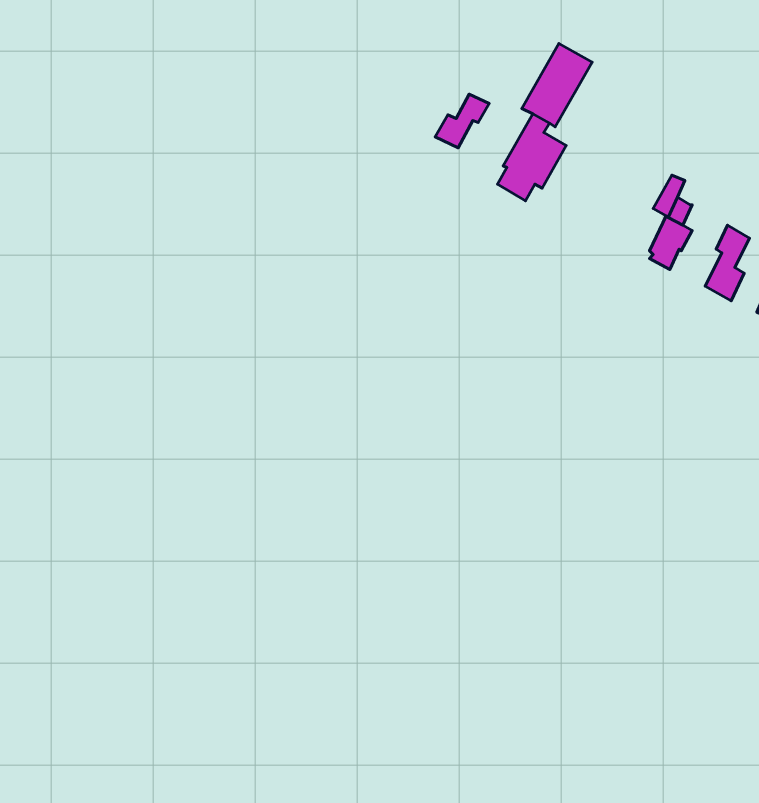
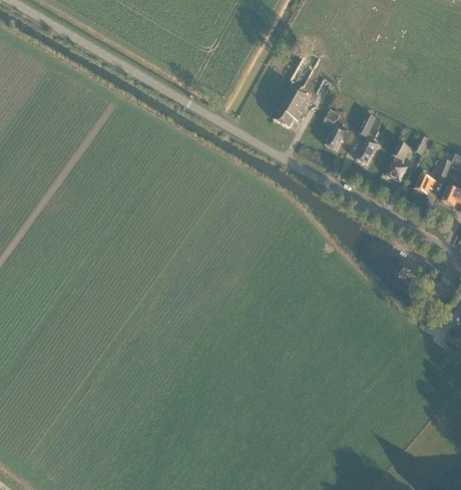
building: [435,94,489,148] -> none
building: none -> [325,108,350,150]

